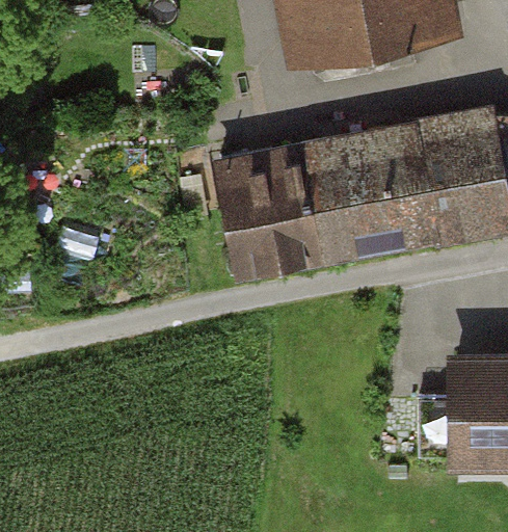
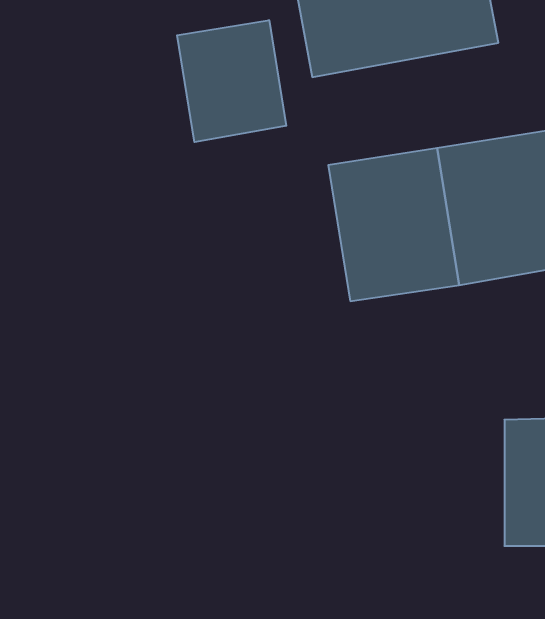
building: none -> [177,20,286,142]
building: [219,143,330,273] -> none

